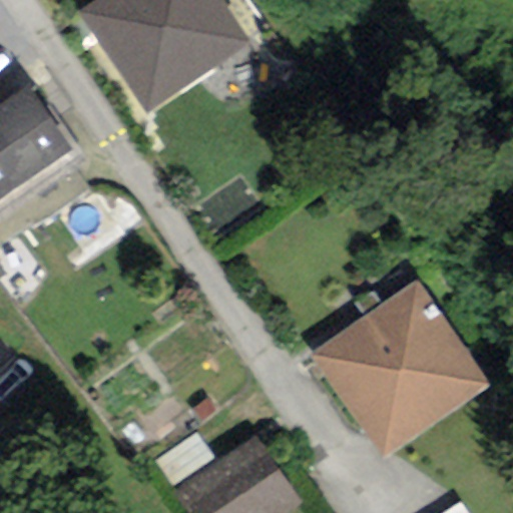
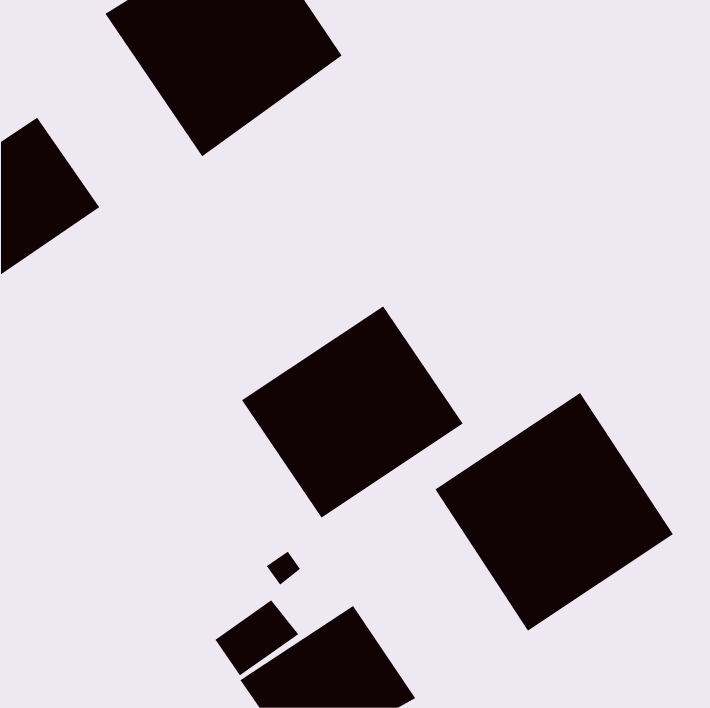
building: none -> [241,305,463,518]

